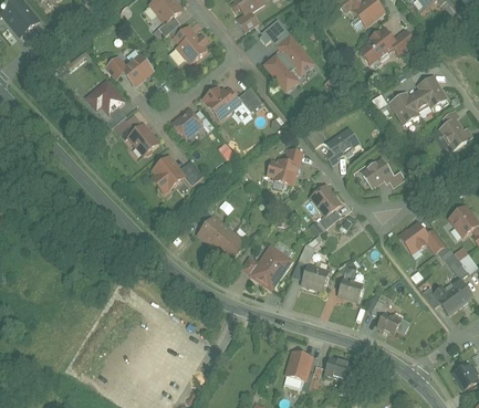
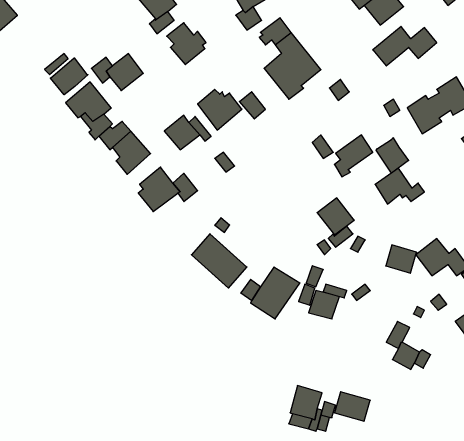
building: none -> [50,58,88,95]
building: none -> [376,138,409,173]
building: [265,146,302,185] -> none
building: [336,276,364,302] -> [386,245,417,273]

